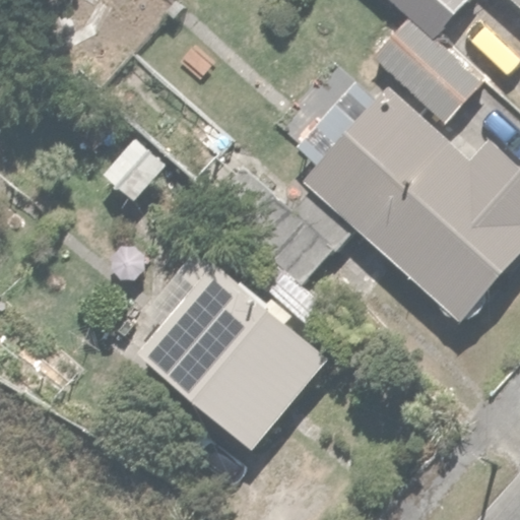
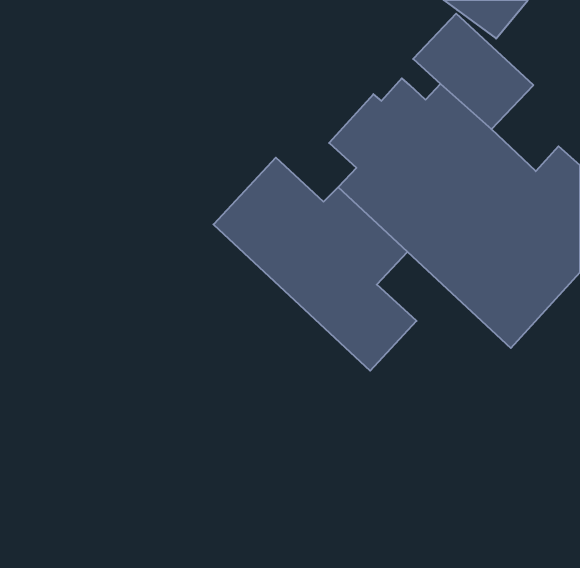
building: [139,259,331,448] -> none

